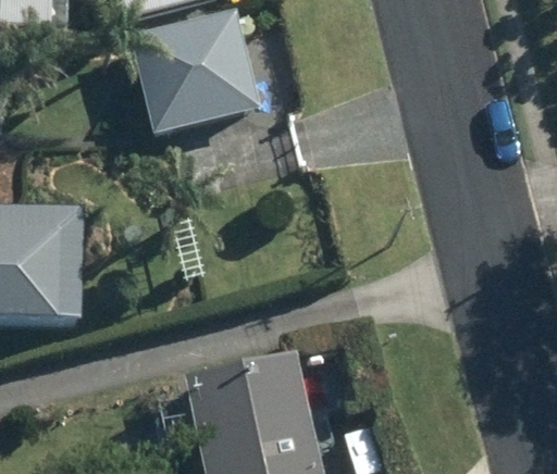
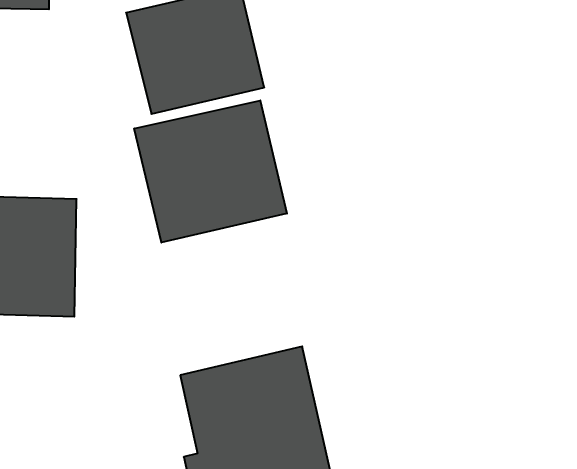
building: none -> [134,100,287,243]

